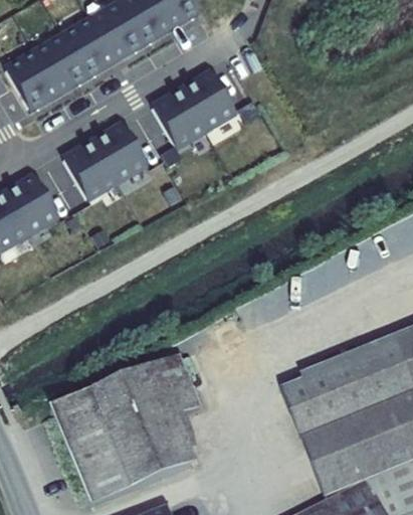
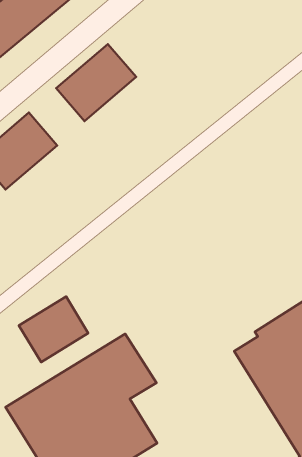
building: none -> [19,297,88,362]

